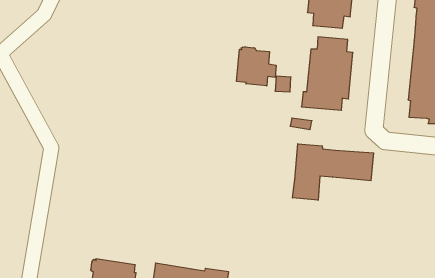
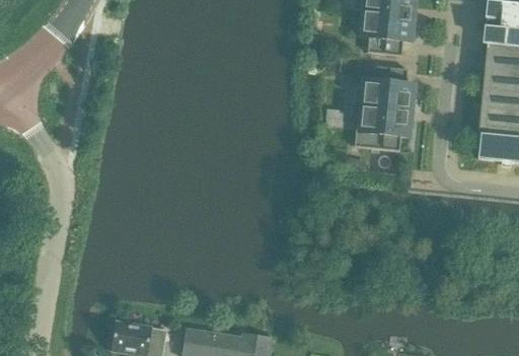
building: [237,47,276,86] -> none
building: [293,144,374,200] -> none

